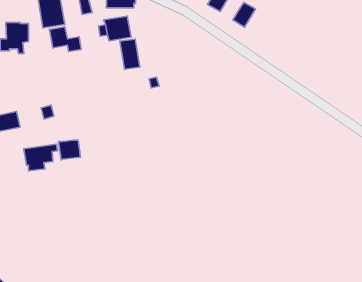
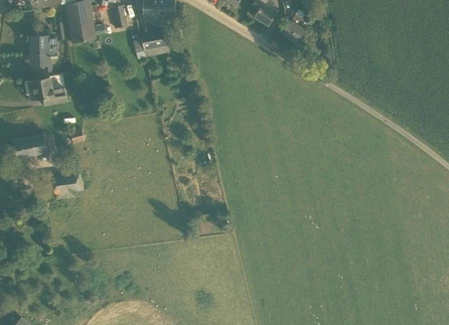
building: [49,27,81,51] -> [31,76,66,104]
building: [120,39,140,69] -> none
building: [58,140,81,160] -> none

